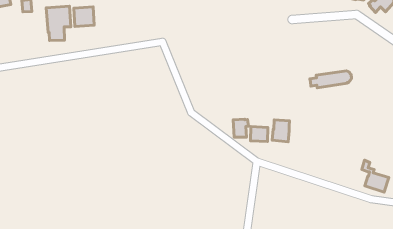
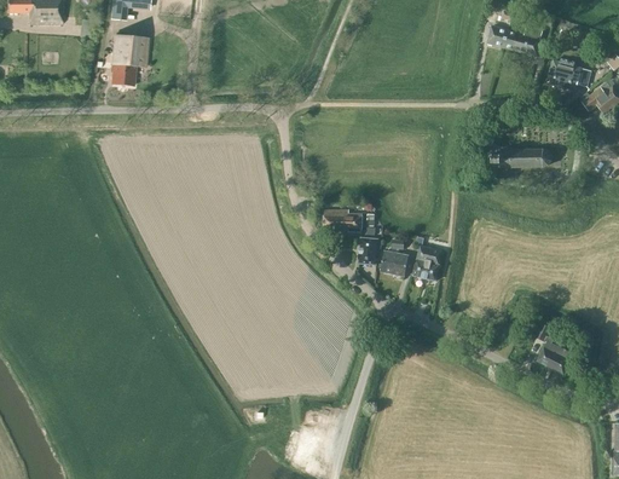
building: [74,7,94,26] -> none
building: [310,71,352,88] -> [492,149,553,167]
building: none -> [324,209,364,231]

